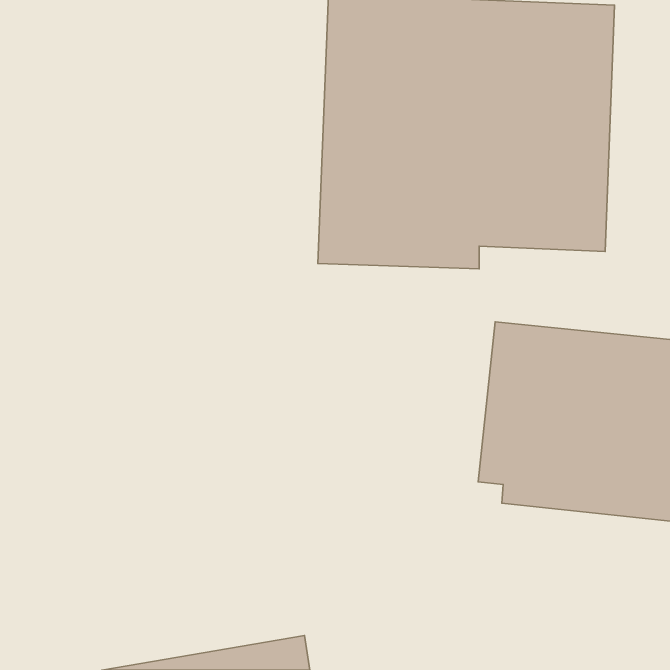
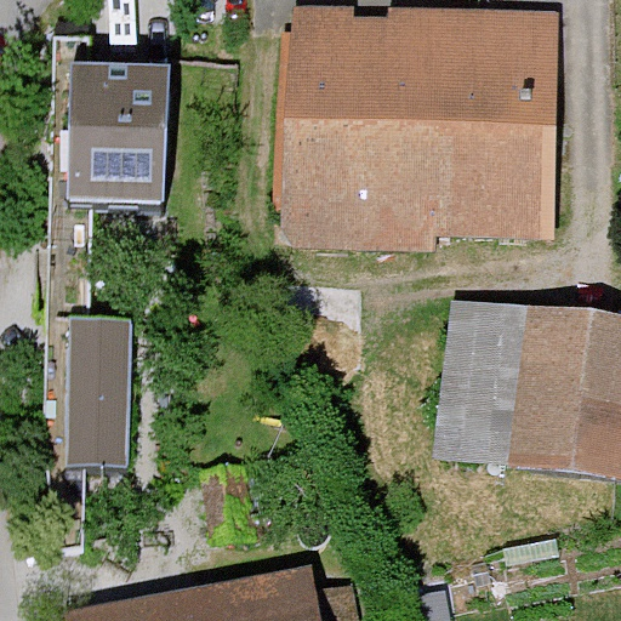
building: none -> [33,79,160,217]
building: none -> [49,330,112,477]

